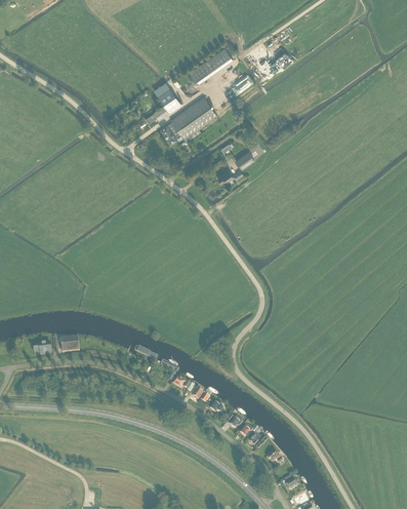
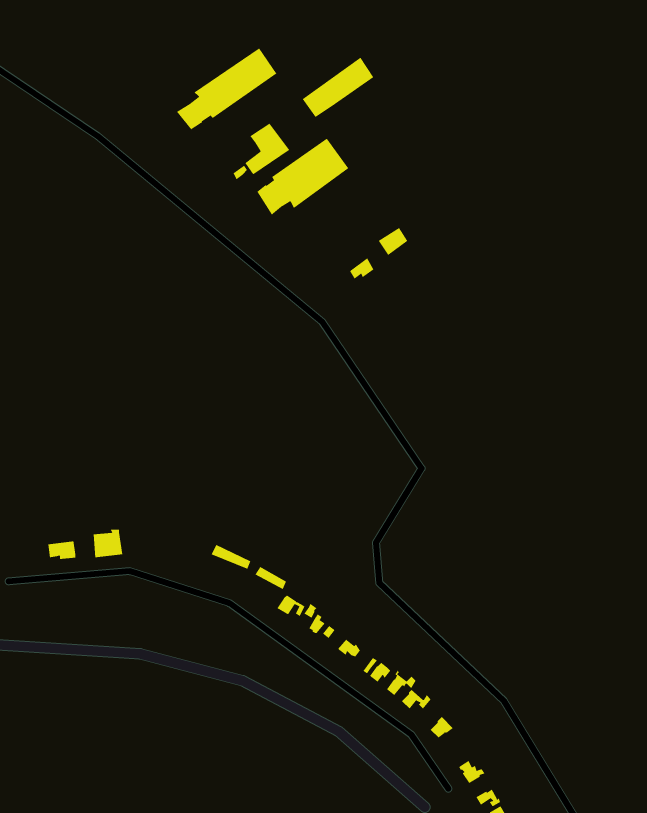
building: none -> [176,48,277,130]

